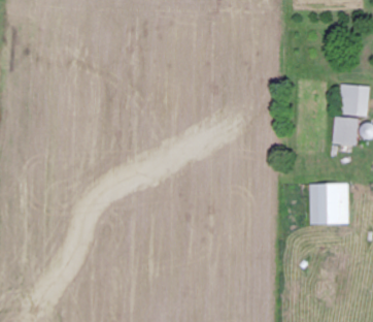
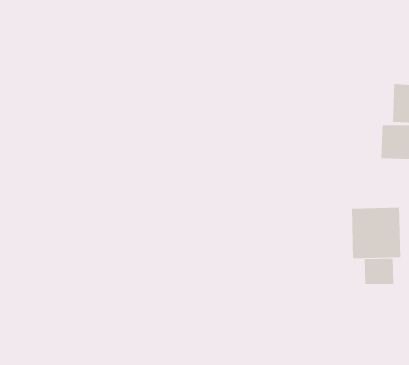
building: none -> [364,258,394,285]

